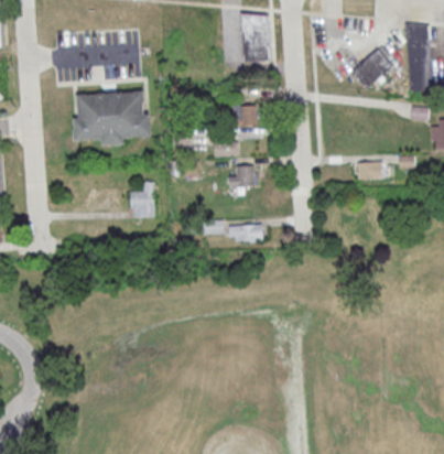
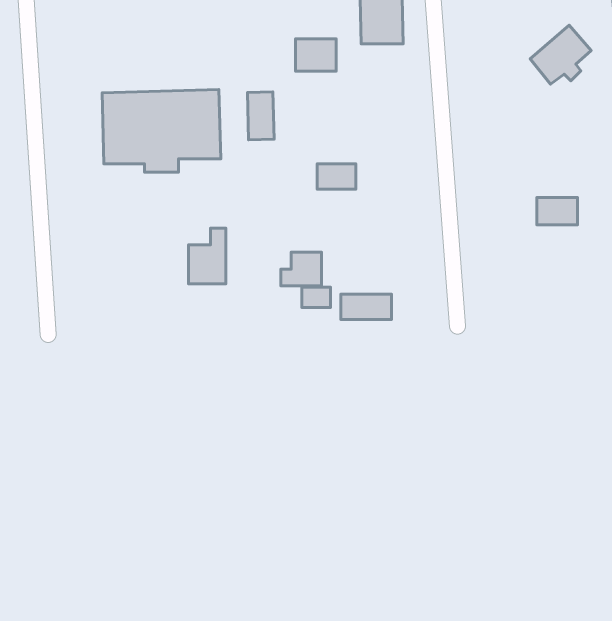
building: none -> [247,92,274,140]
building: [231,105,258,126] -> [295,39,336,71]
building: [228,164,255,186] -> [281,252,322,286]

